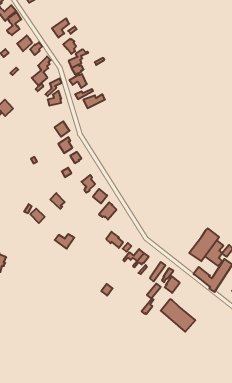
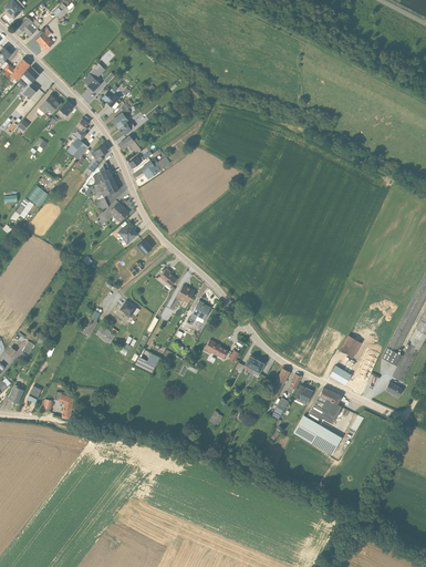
building: none -> [91,177,118,210]
building: [189,228,219,261] -> none
building: none -> [306,386,342,423]

